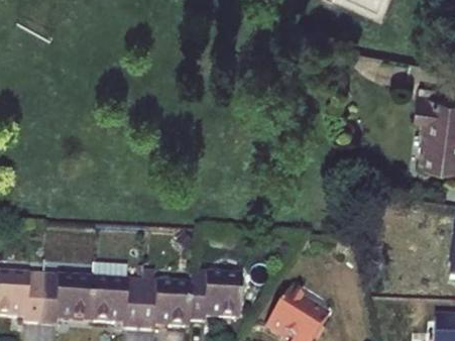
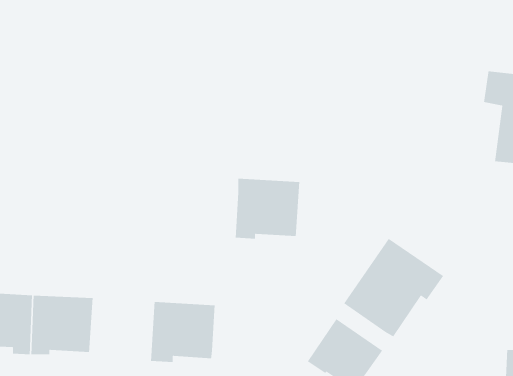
building: none -> [343,238,444,337]
building: [93,258,145,327] -> none
building: [194,268,247,319] -> [235,178,300,239]

